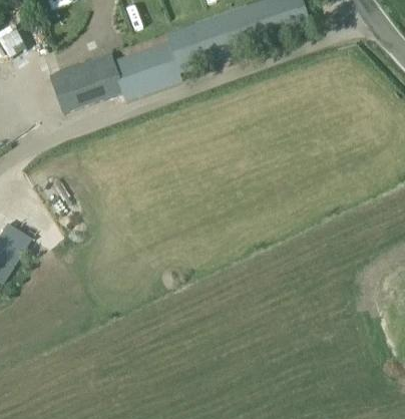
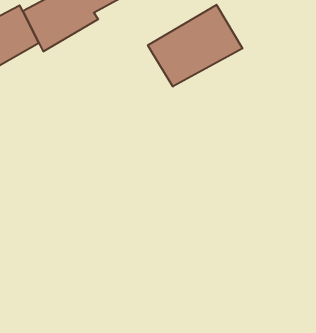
building: none -> [148,5,242,87]

